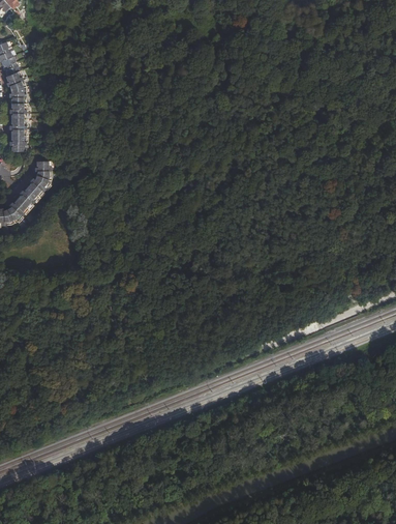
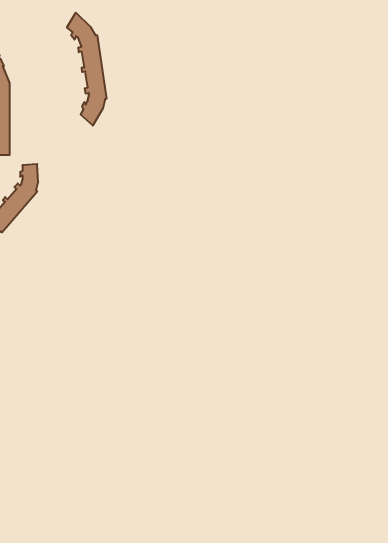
building: none -> [67,13,107,126]

